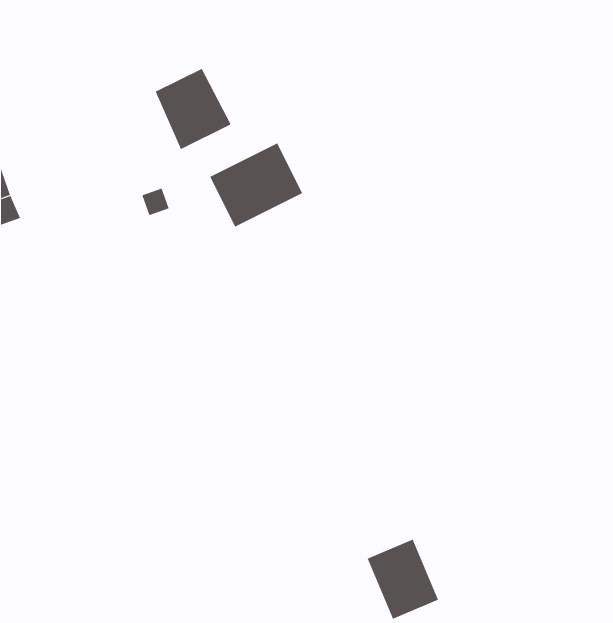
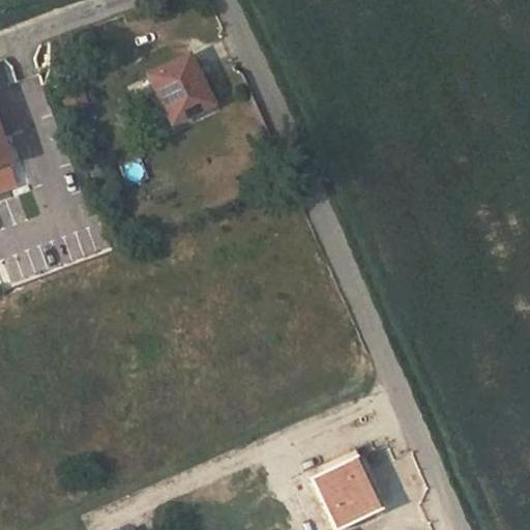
building: [209,143,303,228] -> none

